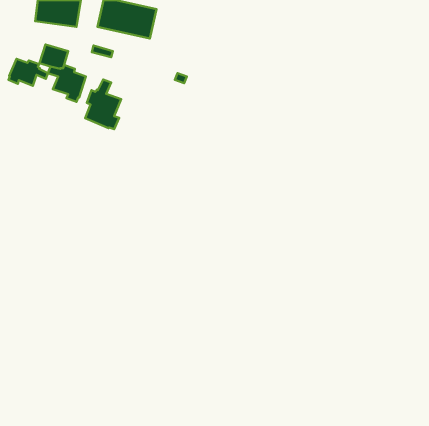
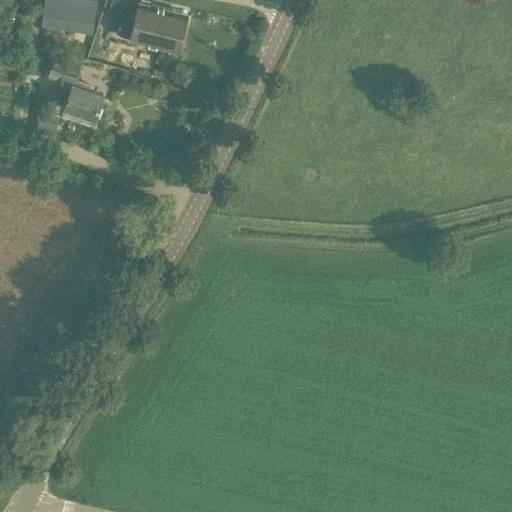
building: [8,59,48,86] -> none
building: [85,80,121,129] -> none

